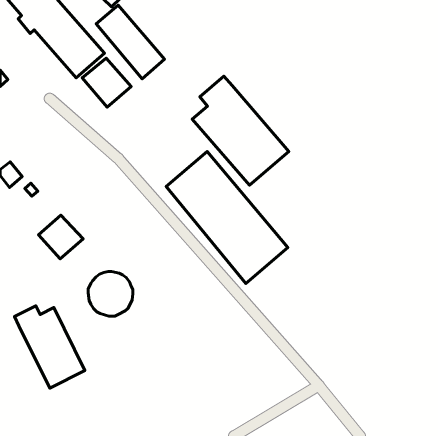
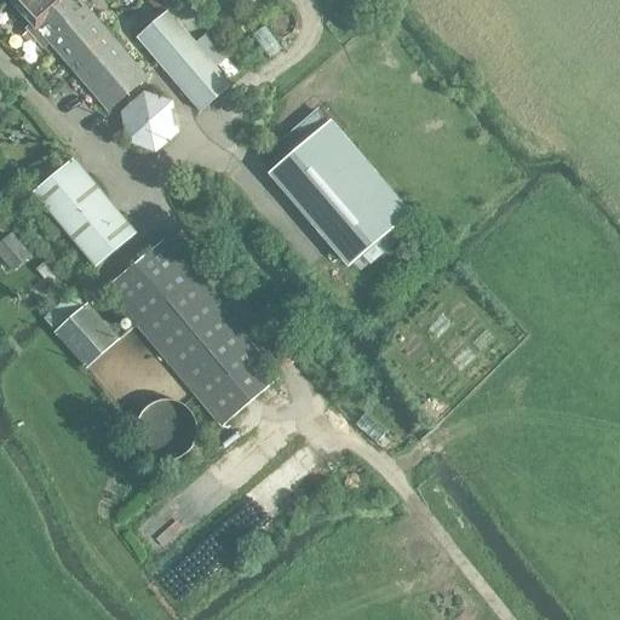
building: none -> [31,161,132,266]
building: [166,152,288,283] -> [107,239,279,425]
building: [14,306,85,388] -> none

